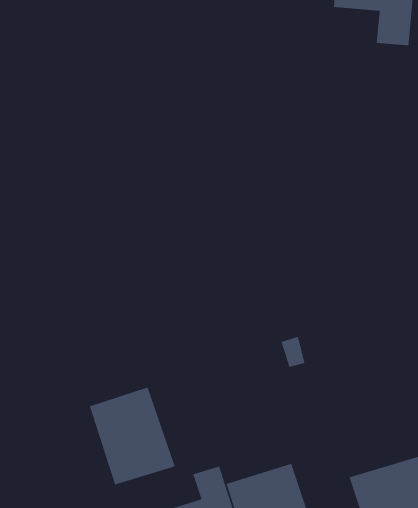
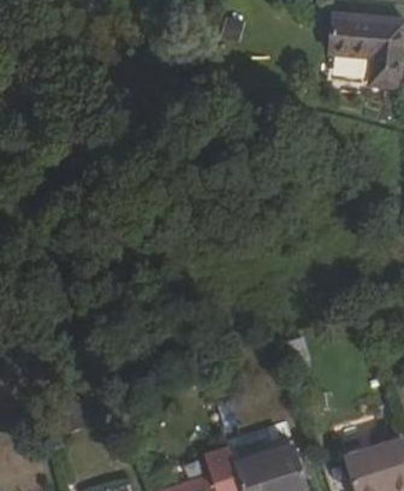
building: [89,387,176,486] -> none

